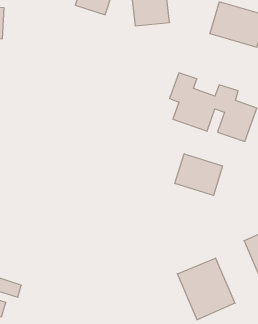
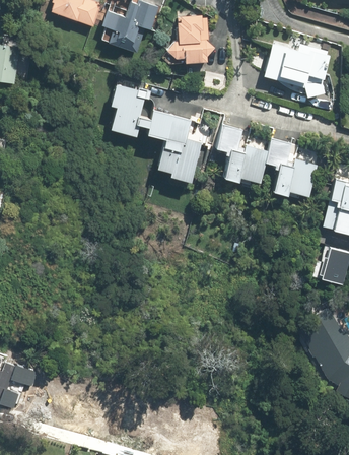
building: none -> [107,82,205,187]
building: [175,154,223,196] -> none
building: [177,258,235,320] -> none

